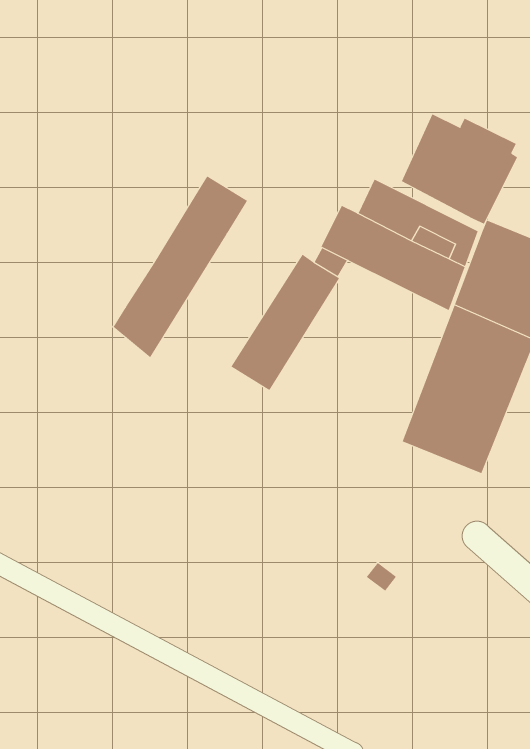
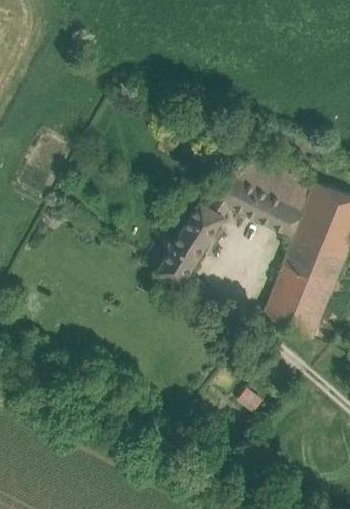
building: [401,114,518,225] -> none
building: [113,175,249,358] -> none

